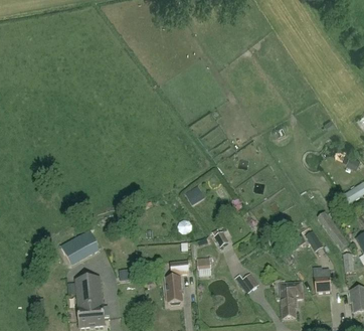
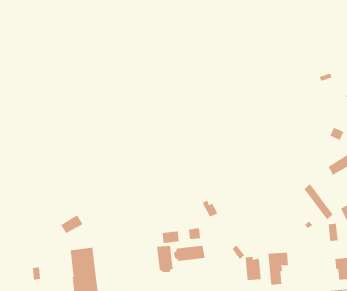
building: [314,267,331,292] -> [245,256,261,281]
building: none -> [173,245,205,262]

